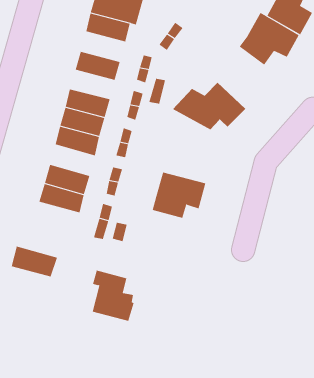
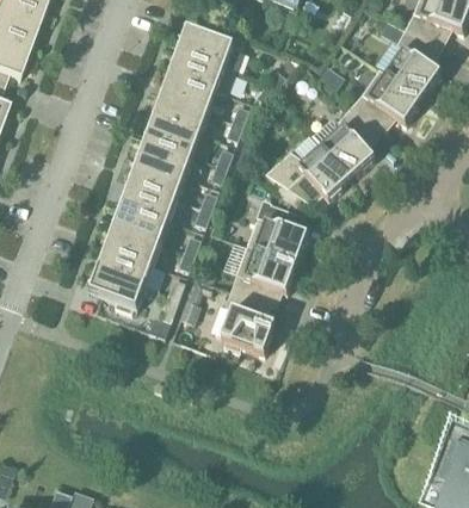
building: none -> [162,73,217,112]
building: none -> [321,106,378,180]
building: none -> [146,117,200,155]
building: none -> [247,200,309,264]
building: none -> [115,203,169,243]
building: [11,246,58,277] -> [90,268,146,309]
building: [92,270,134,322] -> [221,290,272,354]

